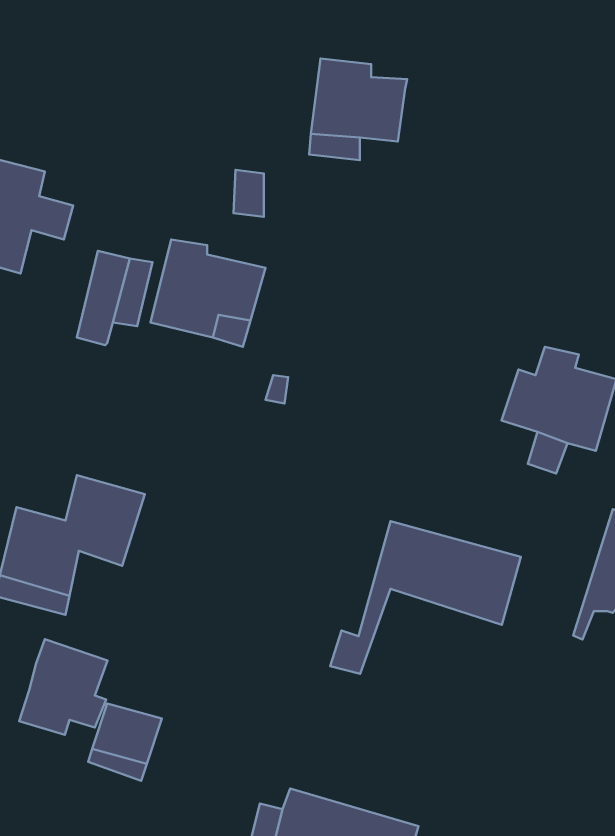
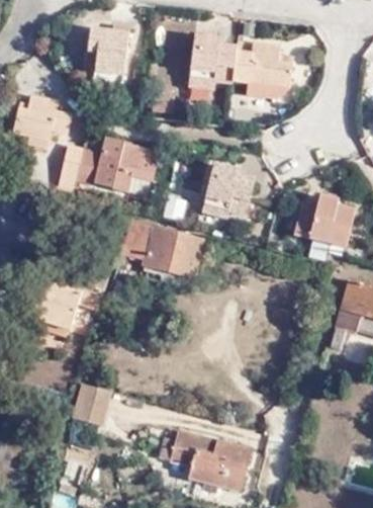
building: none -> [83,30,130,87]
building: none -> [237,45,297,93]
building: none -> [208,159,256,210]
building: [330,521,521,674] -> [100,219,202,301]
building: [19,639,107,735] -> none

